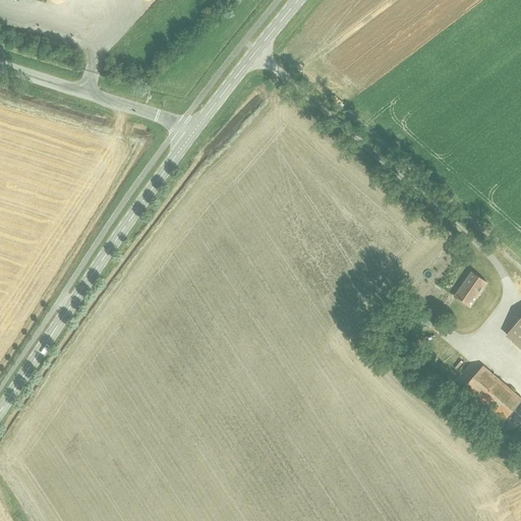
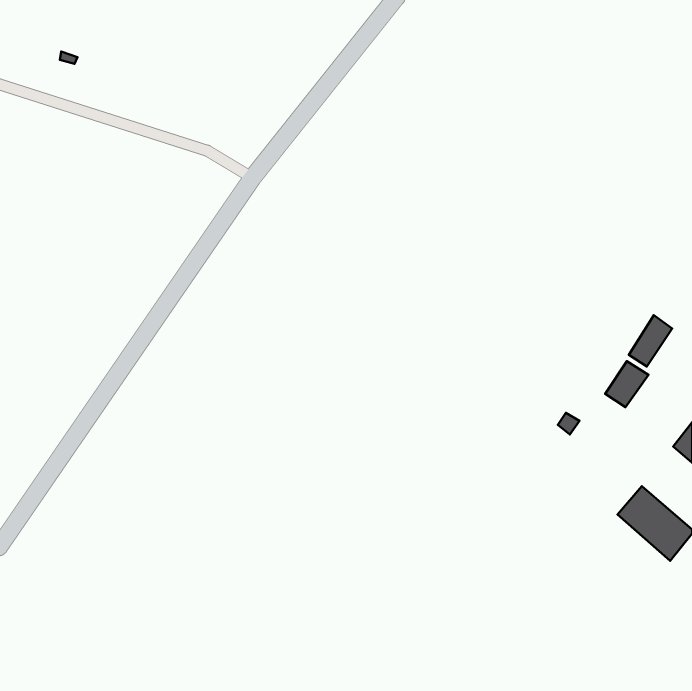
building: none -> [629,315,672,367]

